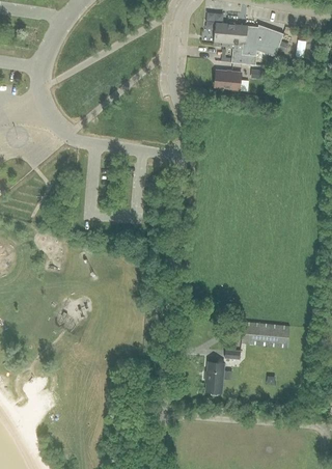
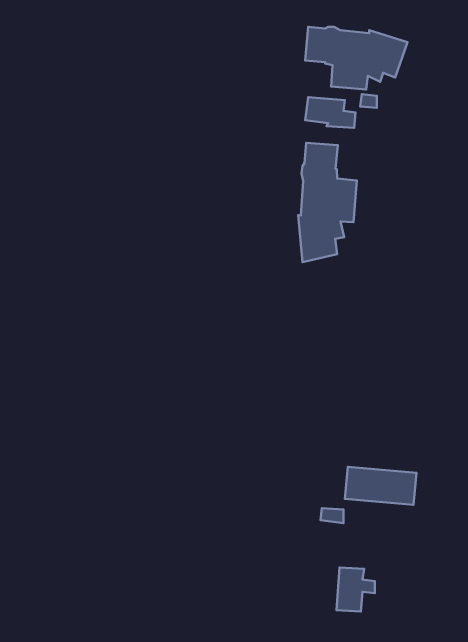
building: none -> [298,143,357,262]
building: [205,361,231,391] -> [337,567,375,612]

